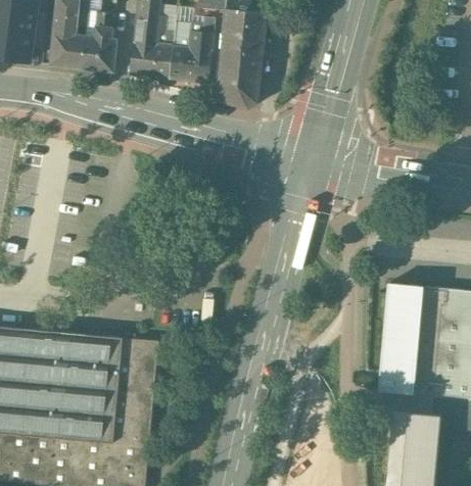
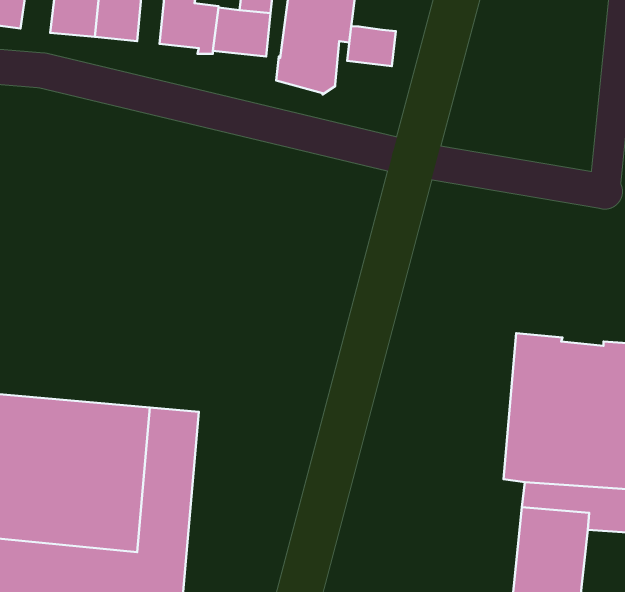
building: none -> [347,26,396,66]

